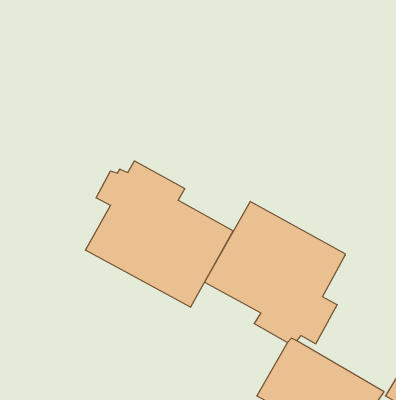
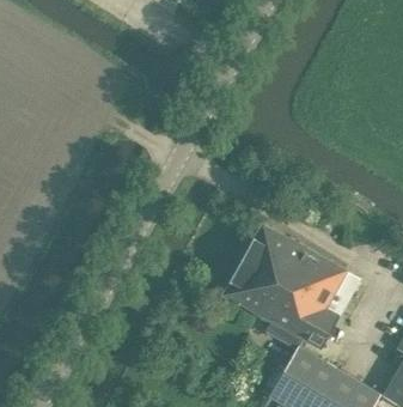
building: [85,161,233,307] -> none

